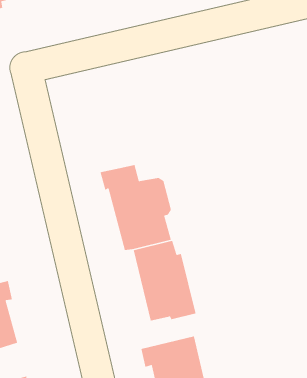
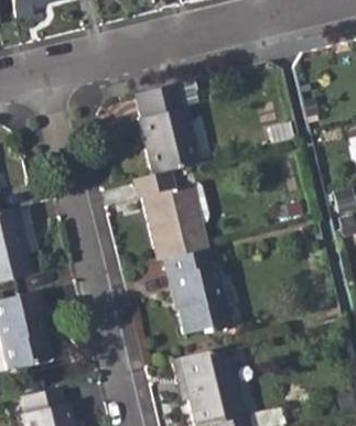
building: none -> [136,84,199,174]

